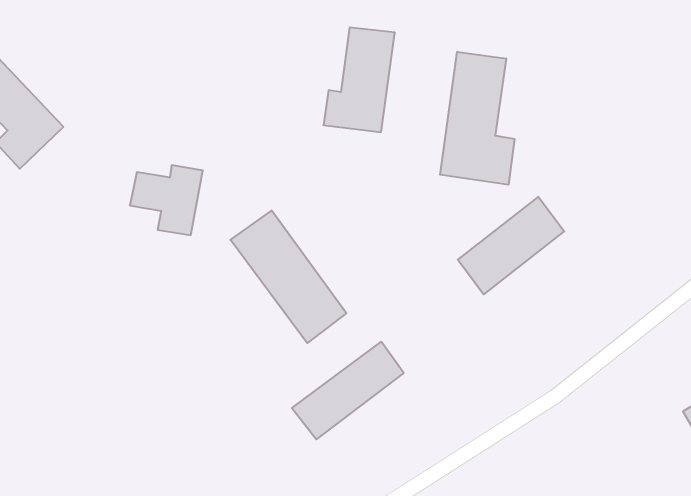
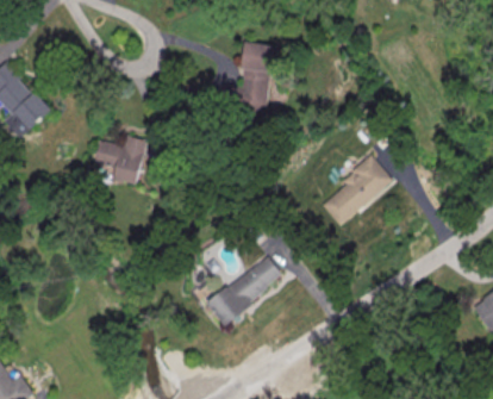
building: [440,52,515,185] -> none
building: [230,210,346,343] -> none

